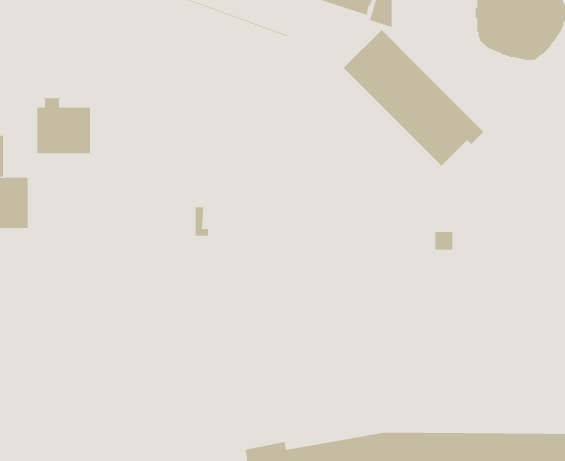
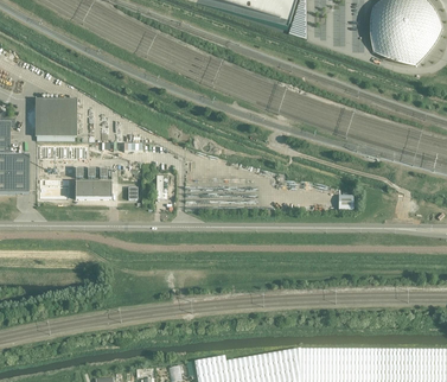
building: [343,29,484,167] -> none
building: none -> [75,180,110,197]

